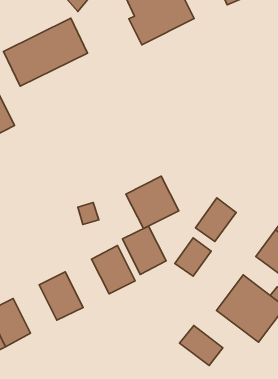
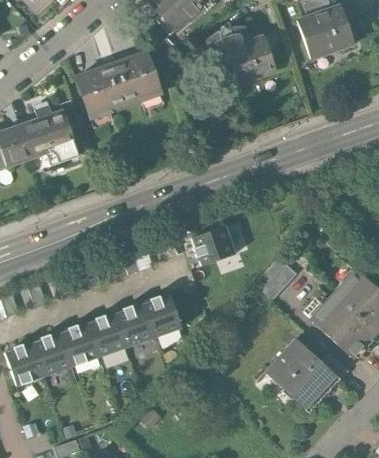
building: [122,226,166,274] -> [115,302,157,350]
building: [175,238,211,276] -> none
building: none -> [59,322,101,370]
building: [179,325,223,366] -> none

